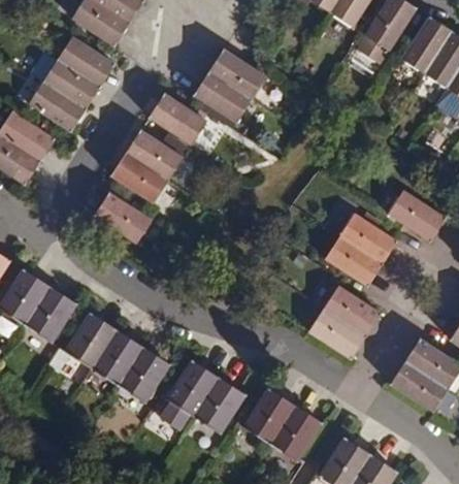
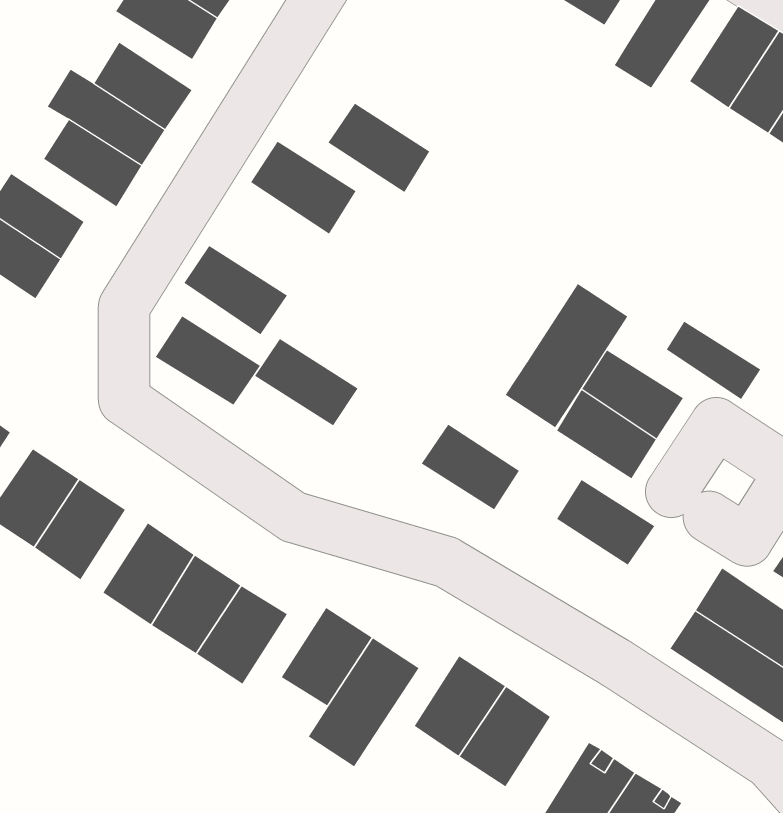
building: [208,49,266,99] -> none
building: [125,131,185,182] -> [254,338,359,426]
building: none -> [505,283,628,428]
building: [308,310,365,359] -> [421,424,520,510]

